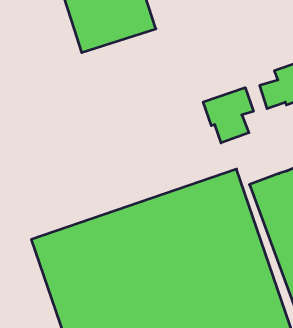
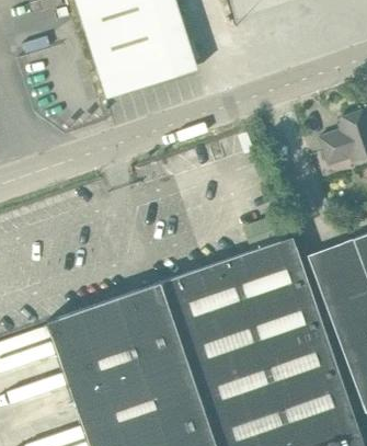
building: [203,88,253,143] -> none

